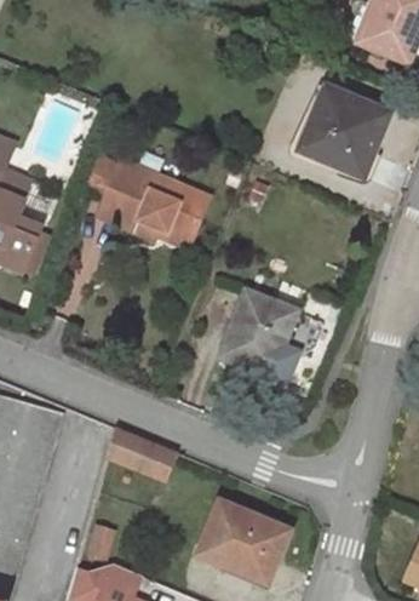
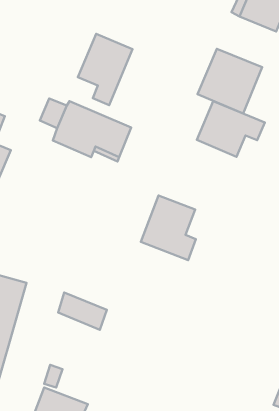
building: none -> [78,34,133,105]
building: none -> [197,101,265,157]
building: [200,504,287,583] -> none

